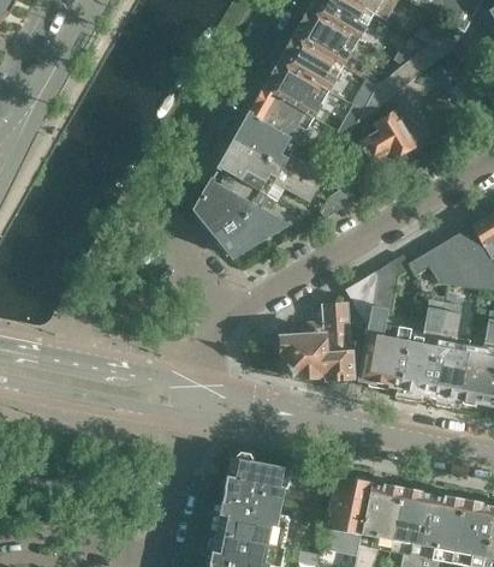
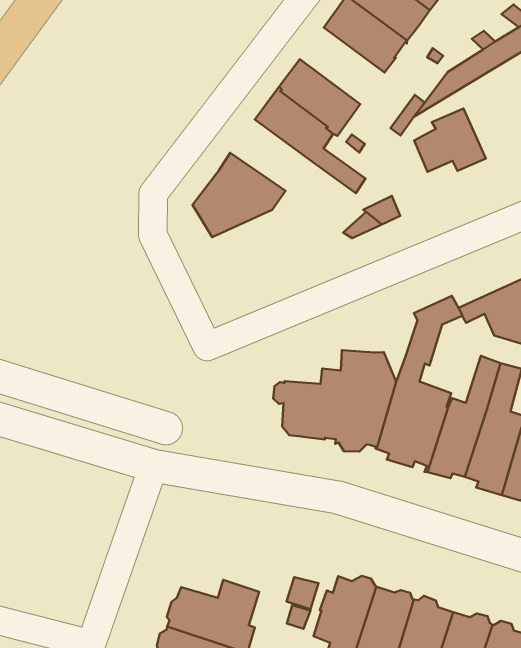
building: [263,61,329,117] -> none
building: [219,138,319,201] -> none
building: [213,205,287,256] -> none
building: [345,271,377,326] -> none
building: [221,452,288,507] -> none

